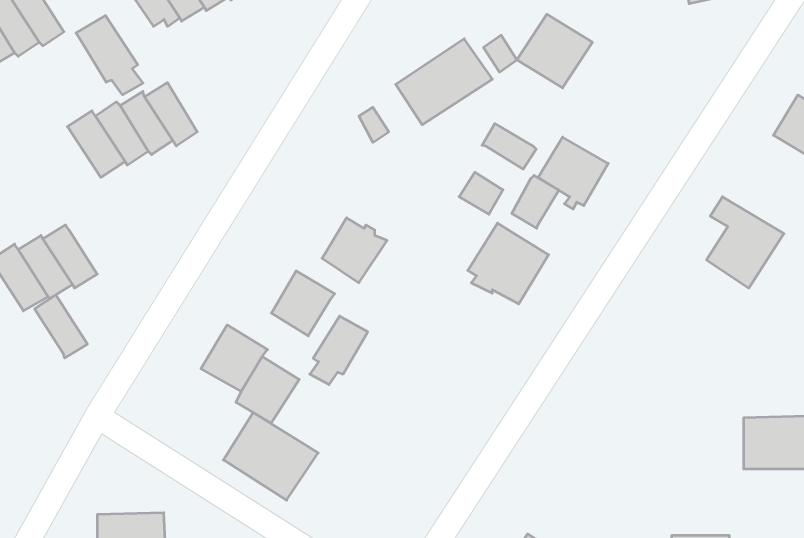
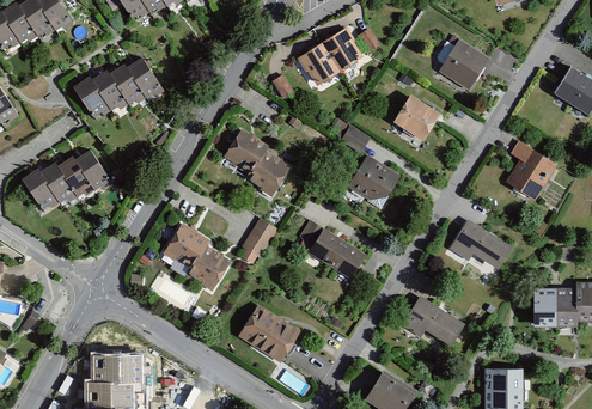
building: [517,14,592,88] -> [438,39,489,90]
building: [76,16,143,95] -> none
building: [482,124,536,169] -> none
building: [512,175,559,228] -> none
building: [271,271,335,336] -> [224,130,267,175]
building: [35,295,87,358] -> [74,149,110,193]
building: none -> [451,216,514,265]
building: none -> [309,228,365,279]
building: [223,413,318,500] -> [237,304,301,364]
building: none -> [403,292,468,343]

